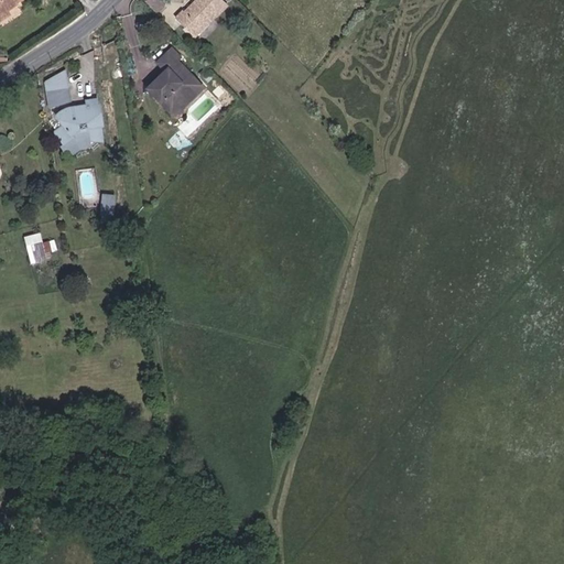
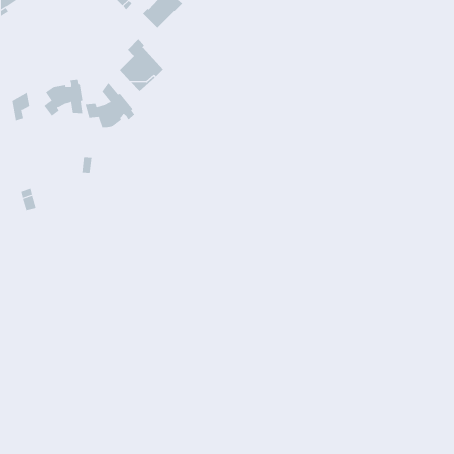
building: [45,69,68,106] -> [11,92,30,121]
building: none -> [85,82,135,128]

